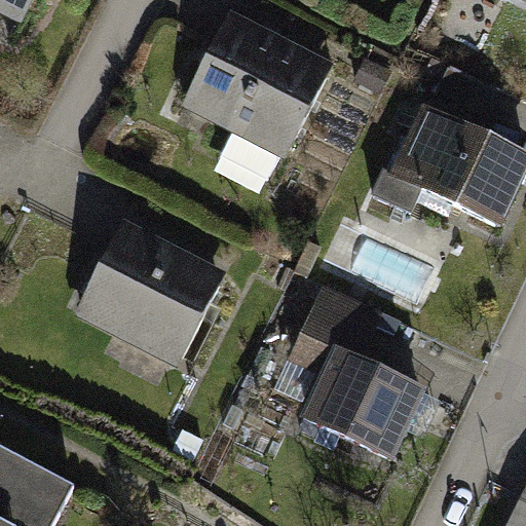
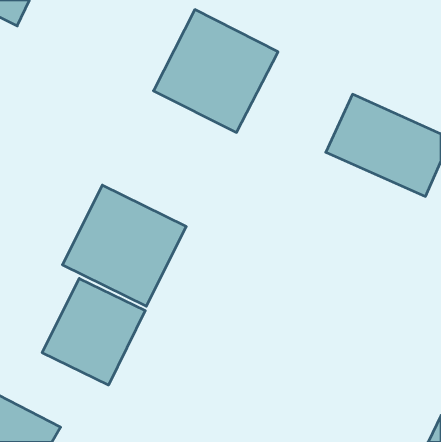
building: [290,288,422,455] -> none
building: none -> [42,278,145,385]

